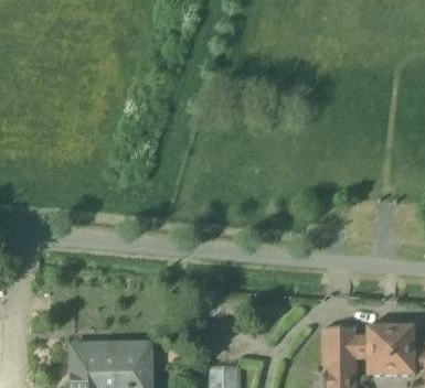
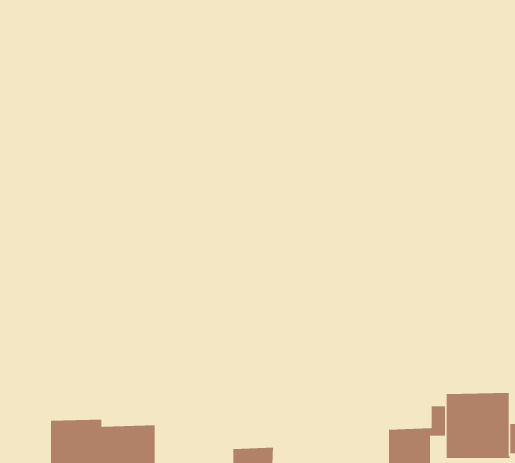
building: [325,327,357,353] -> none

